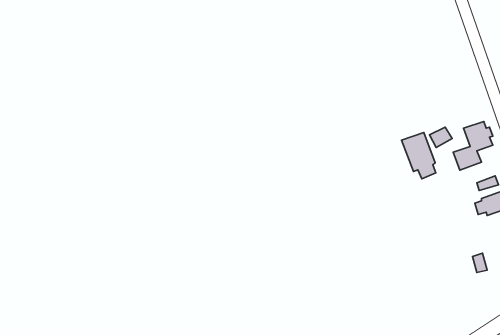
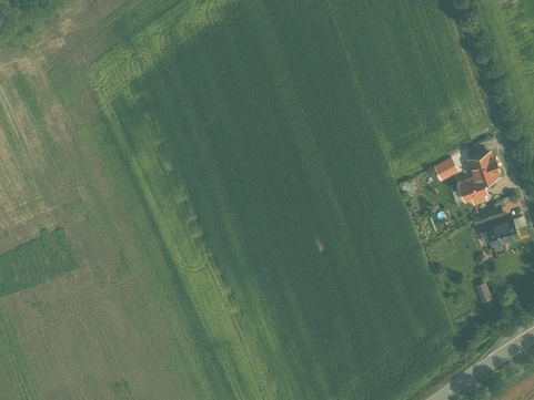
building: [401,133,436,179] -> none

